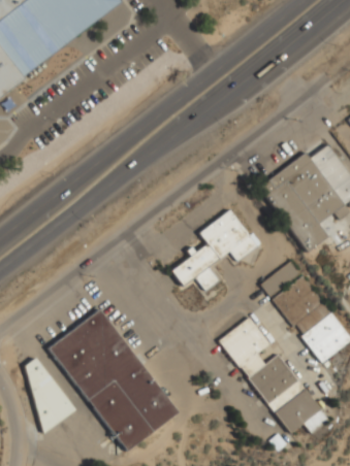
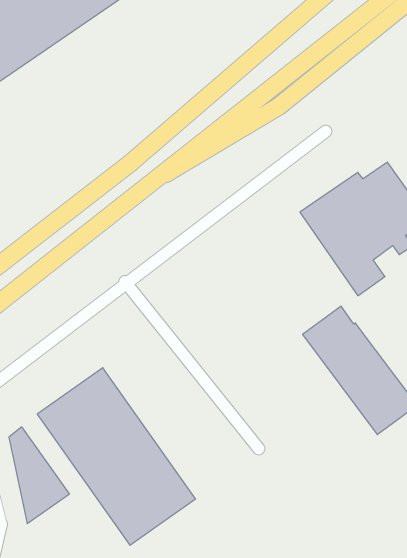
building: [170,209,258,292] -> none
building: [219,315,328,434] -> none

